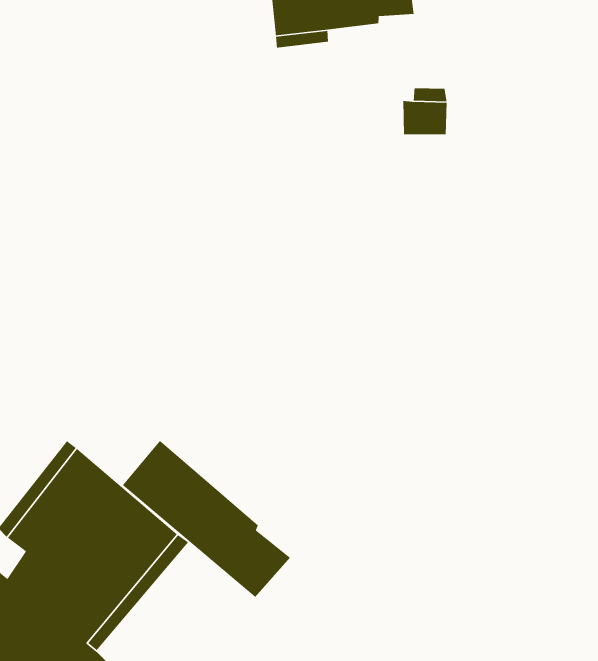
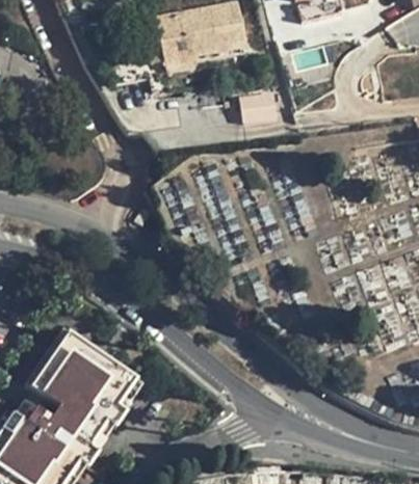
building: [122,440,291,598] -> none

